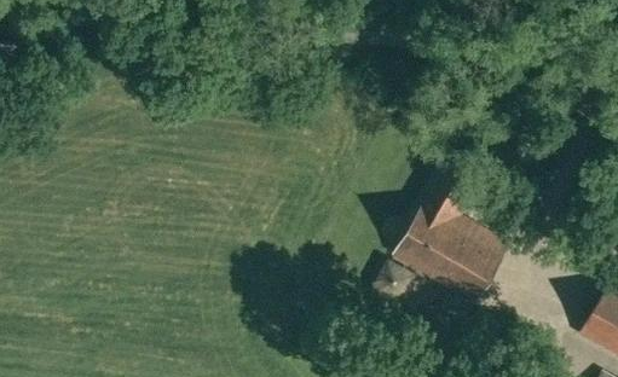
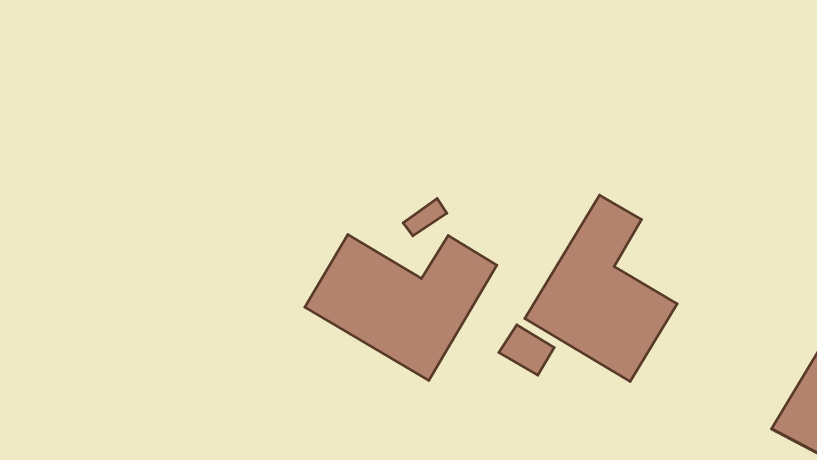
building: none -> [305,234,497,381]

